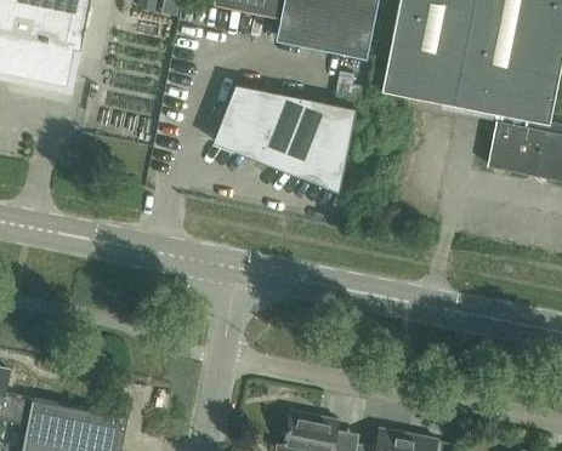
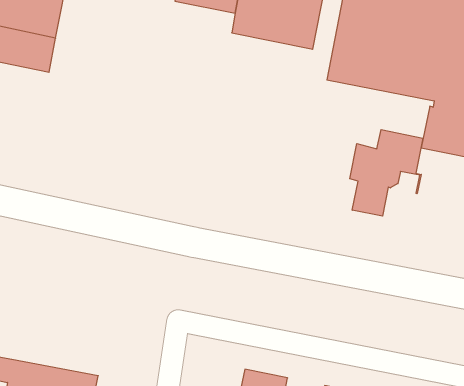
building: [211,84,356,192] -> none
building: none -> [350,130,423,216]

